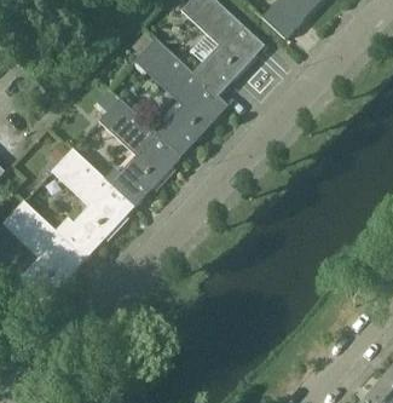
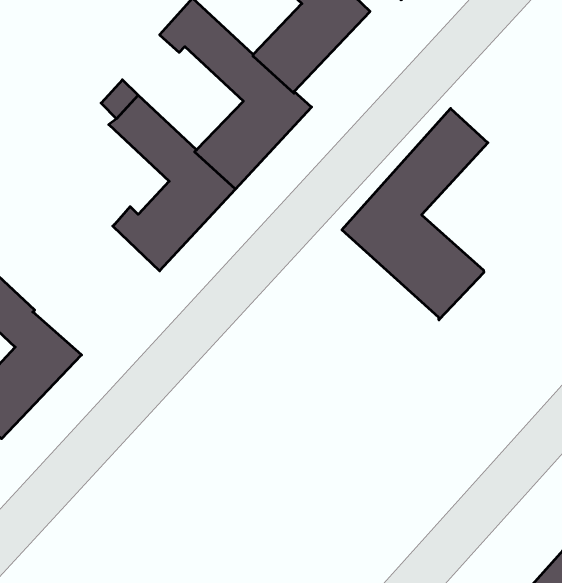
building: none -> [342,108,488,320]
building: [54,148,133,259] -> none

